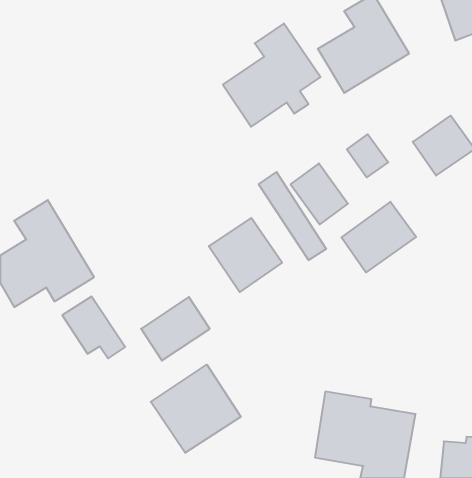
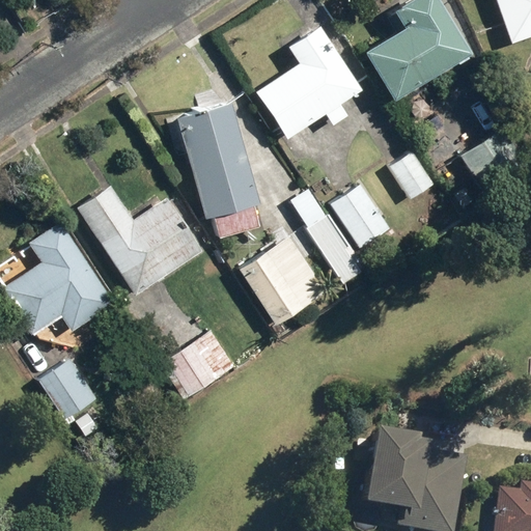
building: none -> [178,105,261,235]
building: none -> [76,181,202,296]
building: [341,202,416,272] -> none
building: [62,296,125,358] -> [40,360,110,428]
building: [151,365,241,453] -> none

